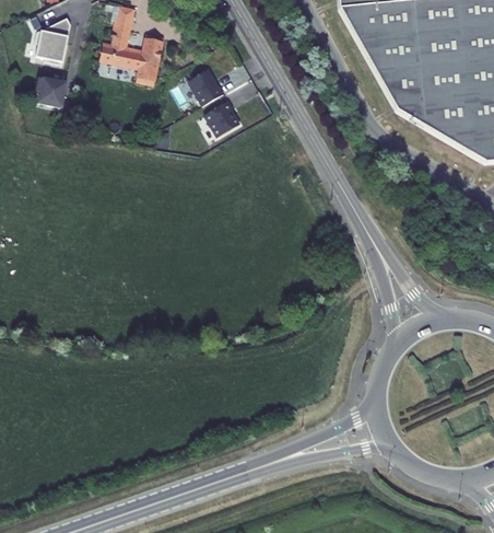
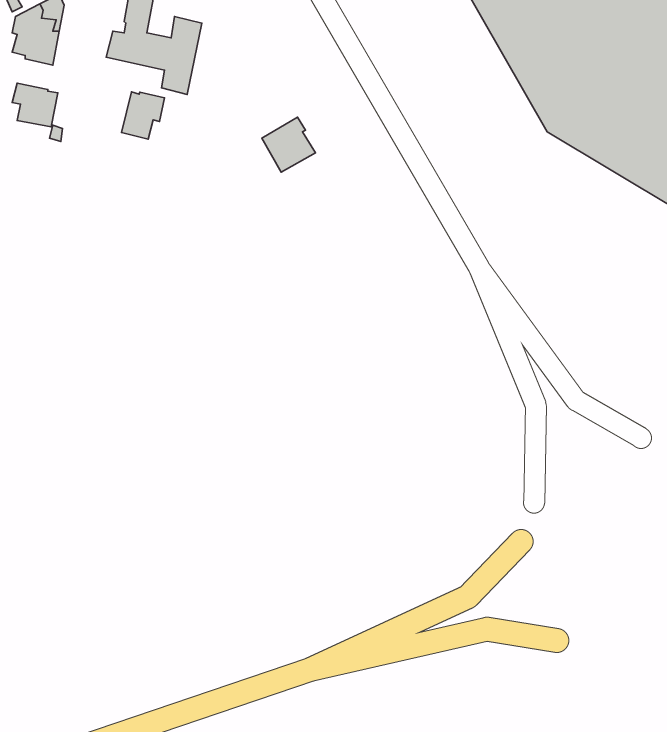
building: [189,68,224,104] -> none
building: none -> [121,92,164,139]

